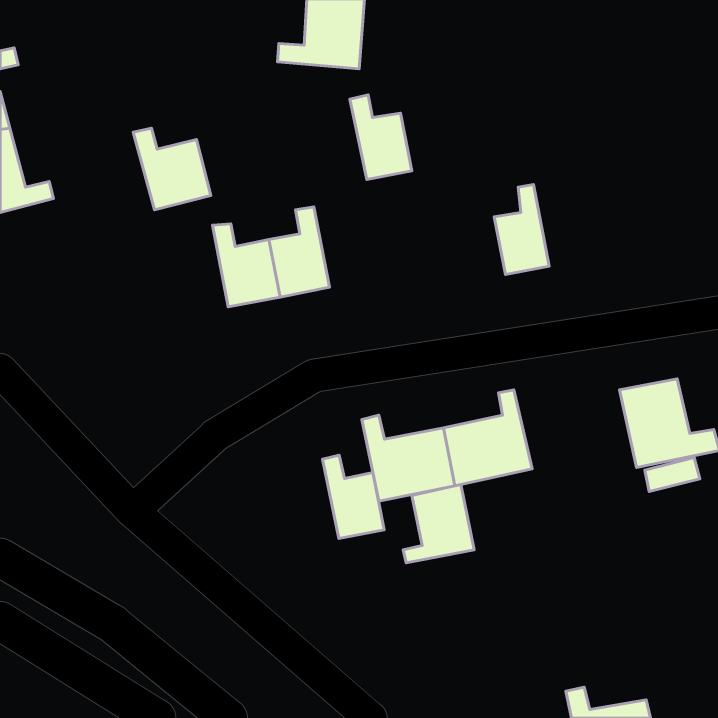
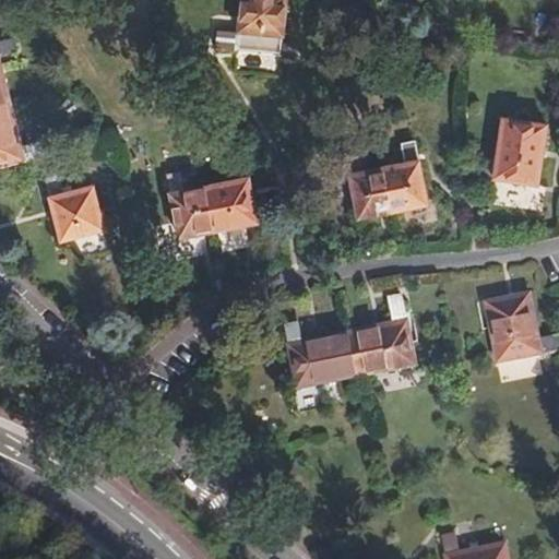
building: [350,95,412,179] -> [345,154,393,219]
building: [133,128,211,210] -> [44,177,104,240]
building: none -> [475,119,547,186]
building: [323,455,384,539] -> none
building: [403,484,474,563] -> none

